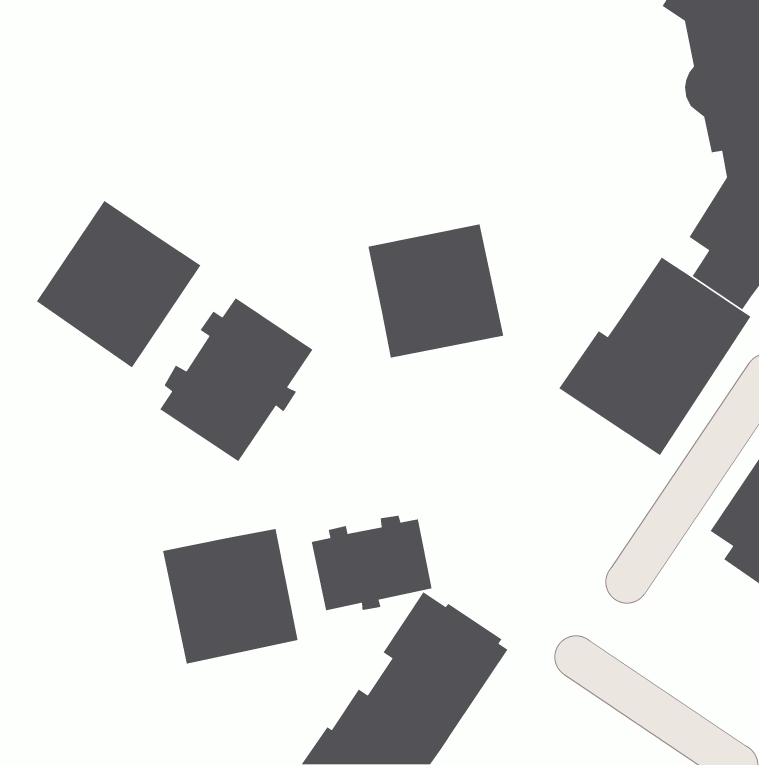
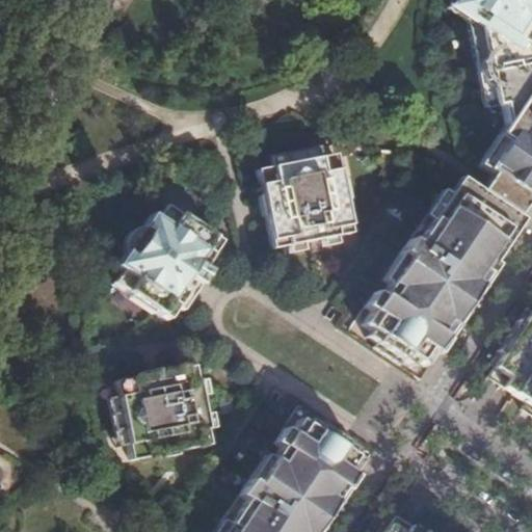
building: [36,200,201,369] -> none
building: none -> [355,269,462,378]
building: [311,515,433,611] -> none

